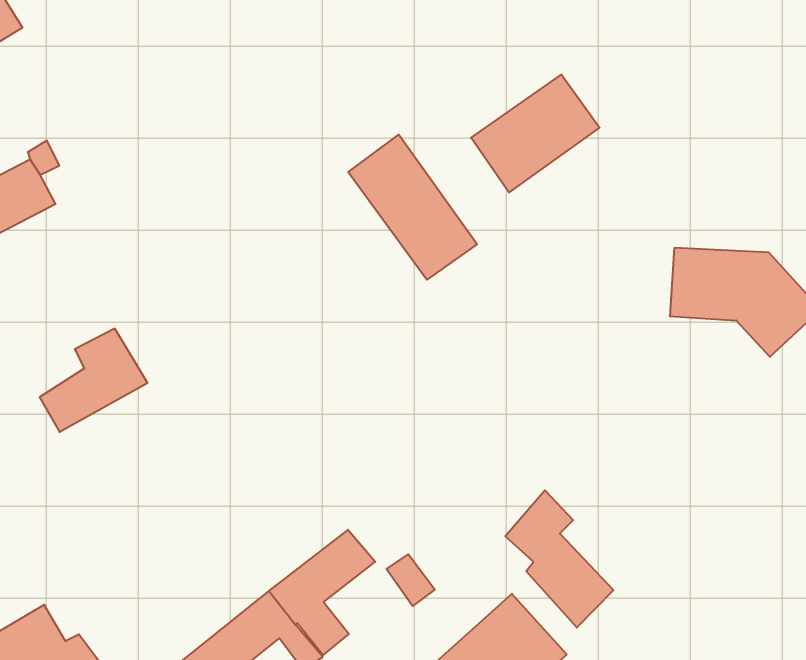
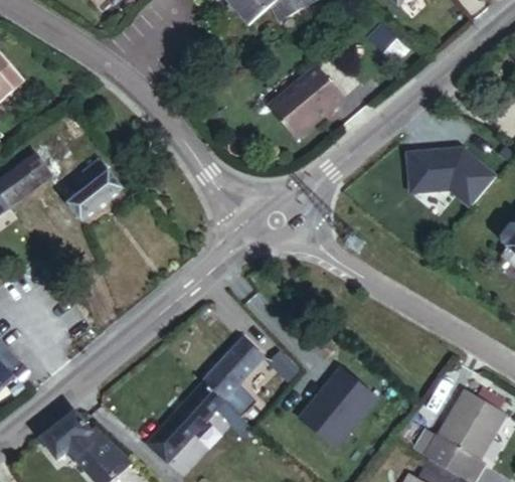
building: [348,135,477,280] -> none
building: [40,329,148,432] -> [64,160,125,223]
building: [505,490,613,628] -> none

